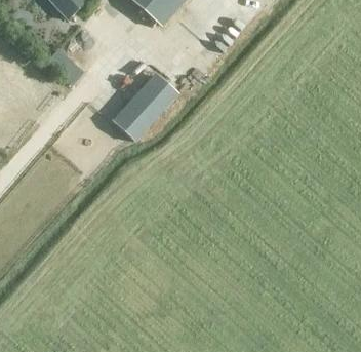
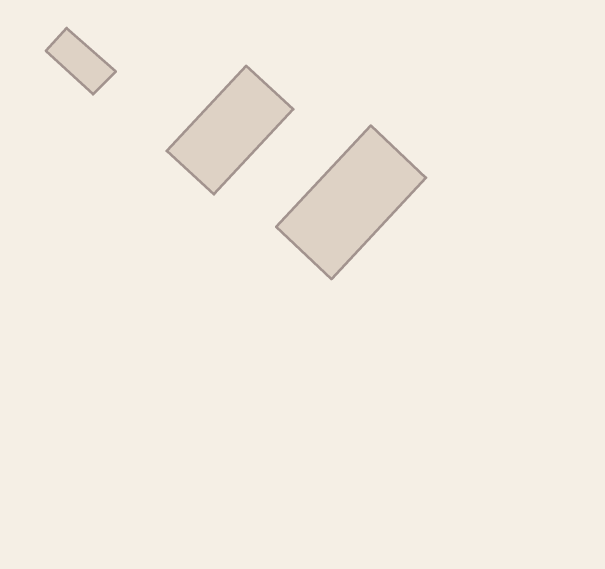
building: none -> [276,126,426,279]

